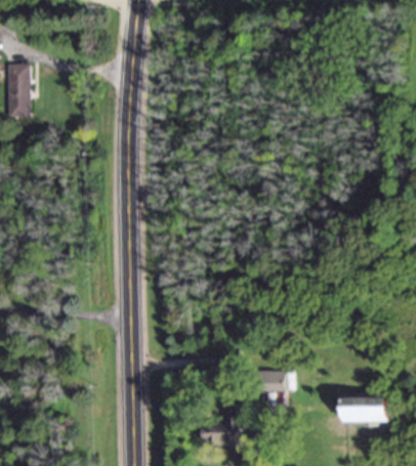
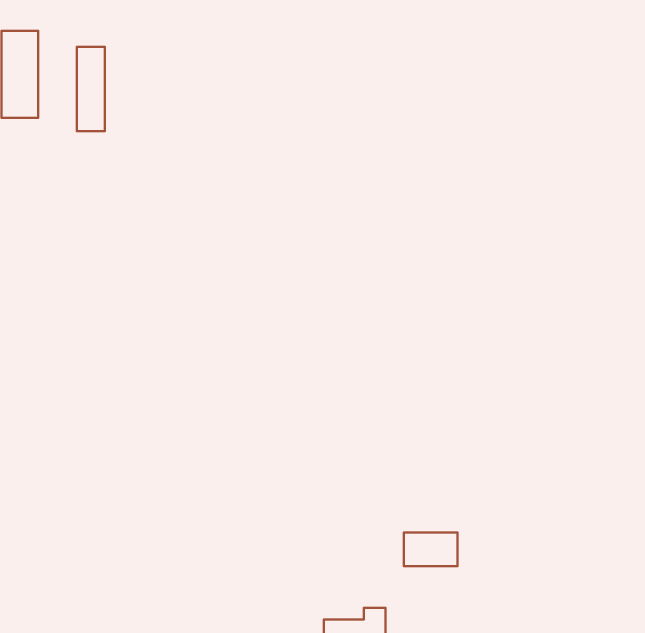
building: none -> [77,47,105,131]
building: [344,394,389,423] -> none

